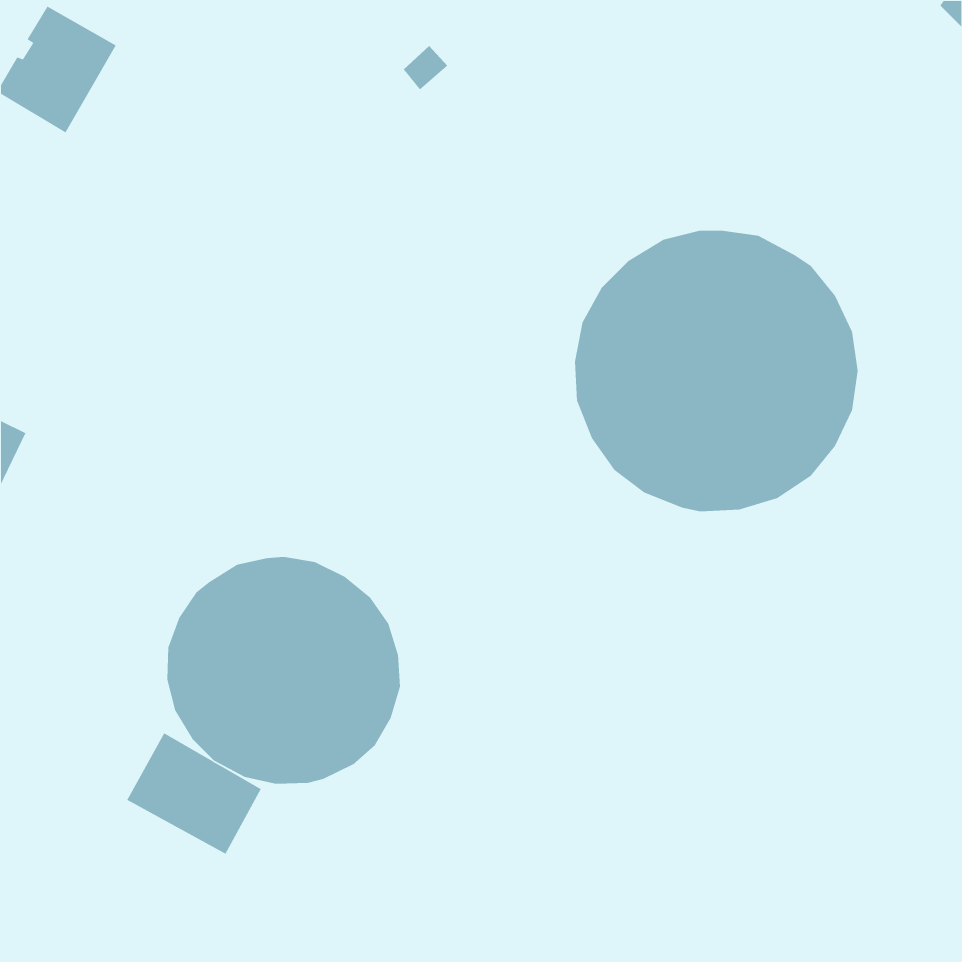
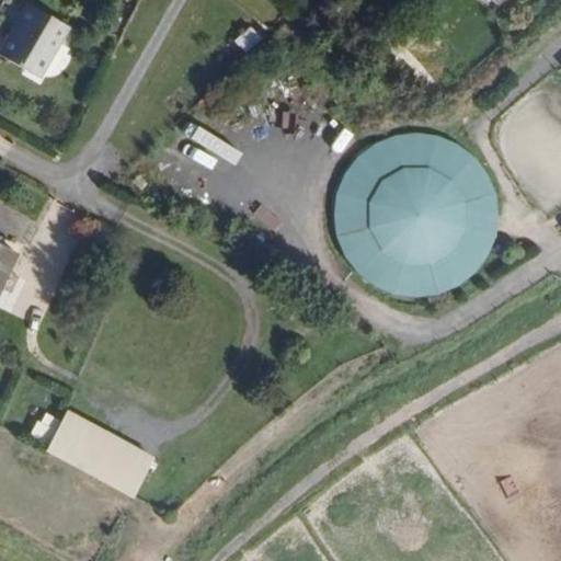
building: [166,556,401,785] -> none
building: none -> [45,412,95,466]

